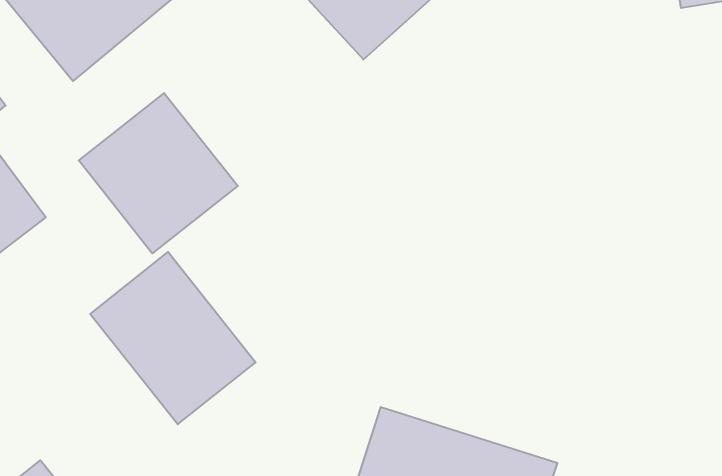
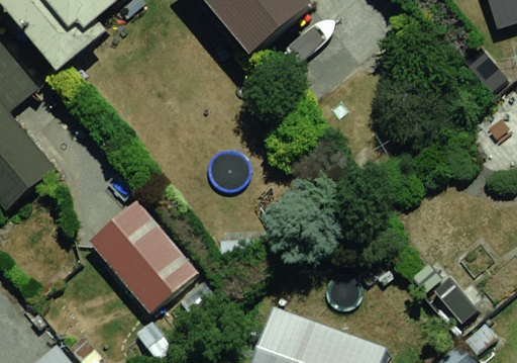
building: [79,93,238,253] -> none

